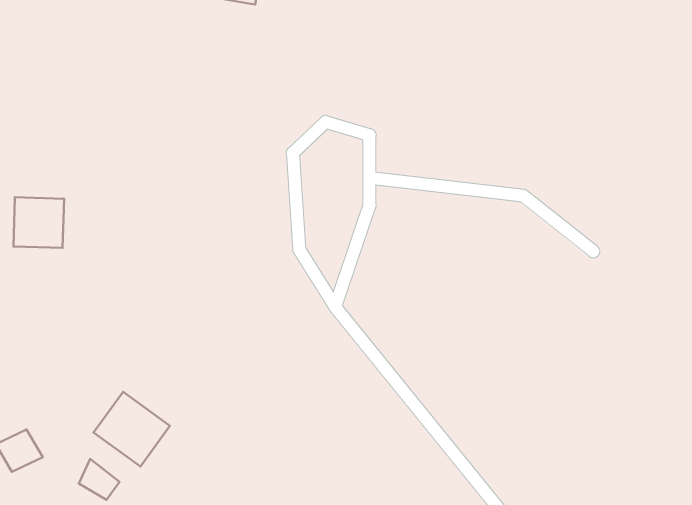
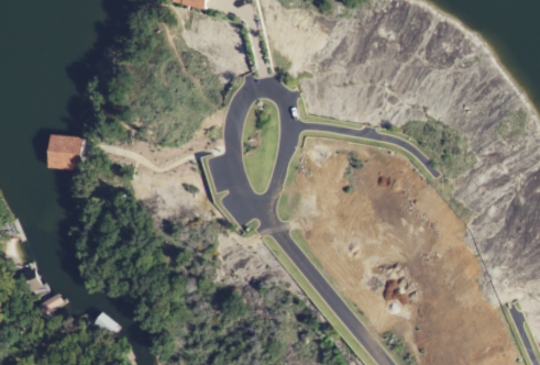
building: [94,392,170,467] -> none

